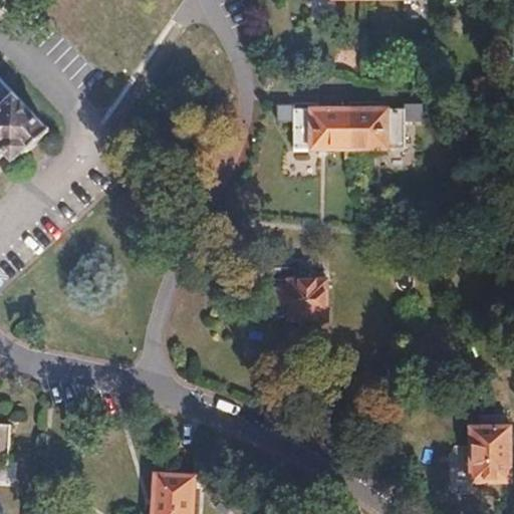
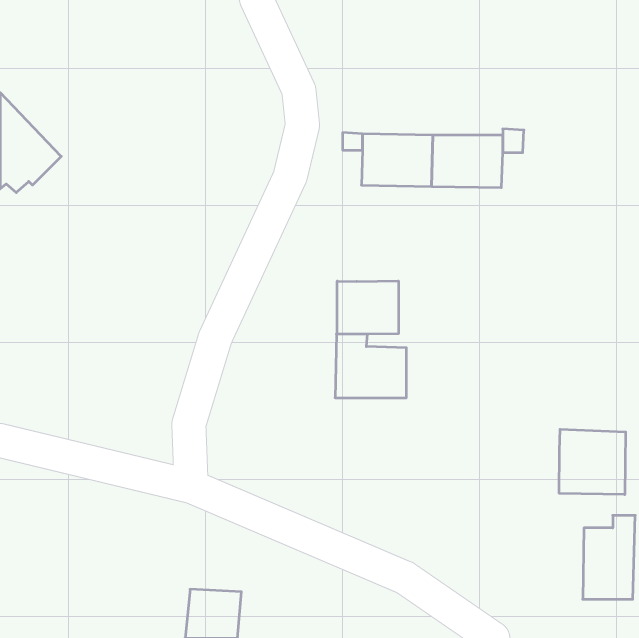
building: none -> [337,281,398,334]
building: none -> [559,429,626,495]

